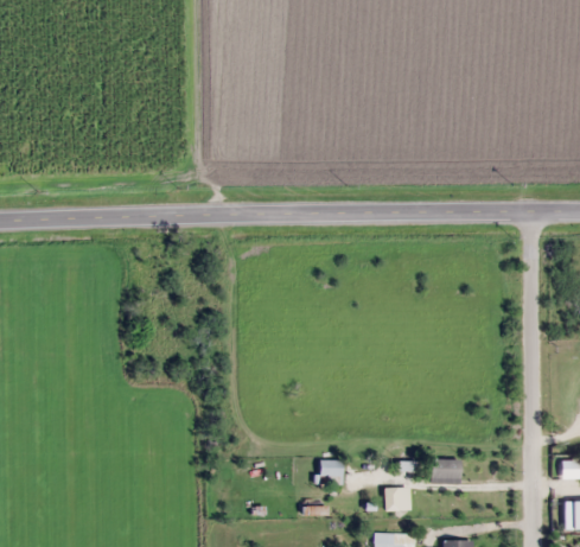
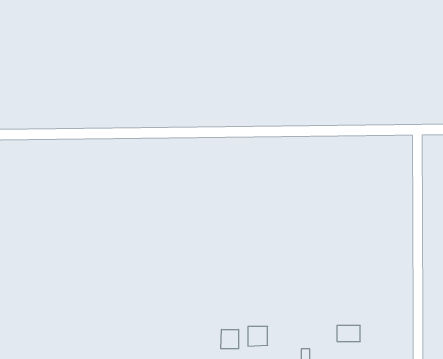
building: none -> [221,329,239,349]

